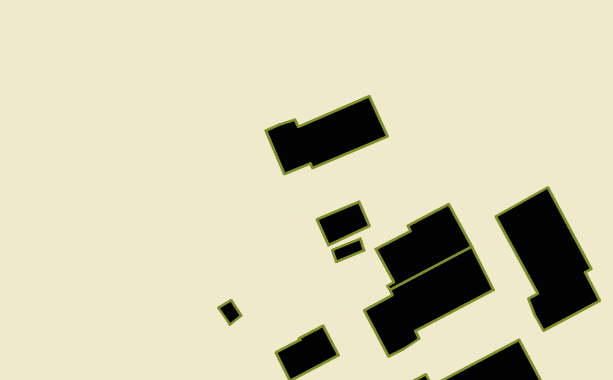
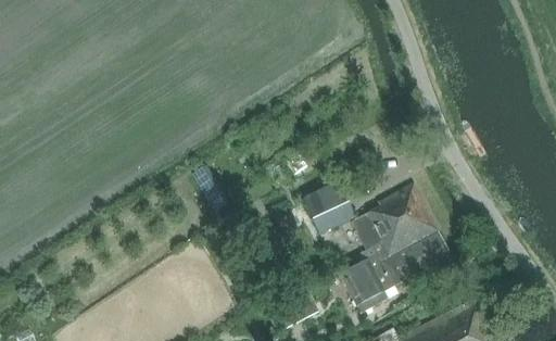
building: [266,96,387,174] -> none
building: [496,188,600,331] -> none

